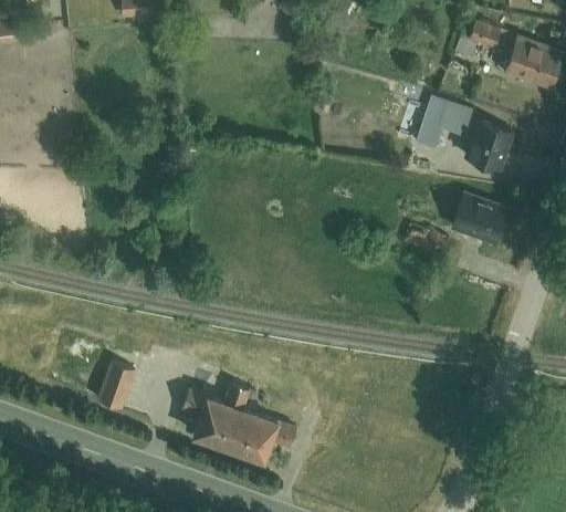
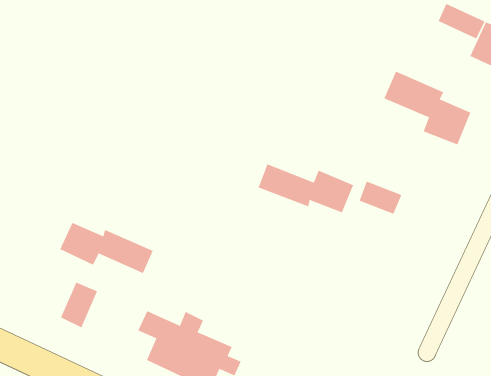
building: [452,190,510,242] -> none
building: none -> [258,163,354,213]
building: none -> [59,222,154,274]

